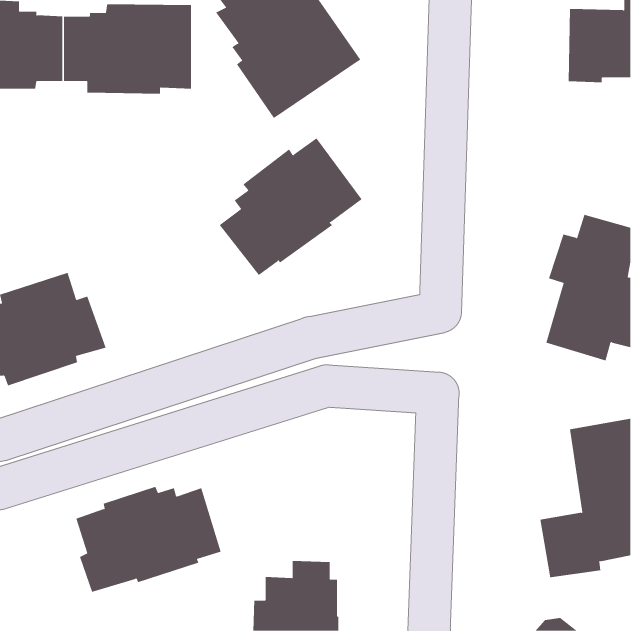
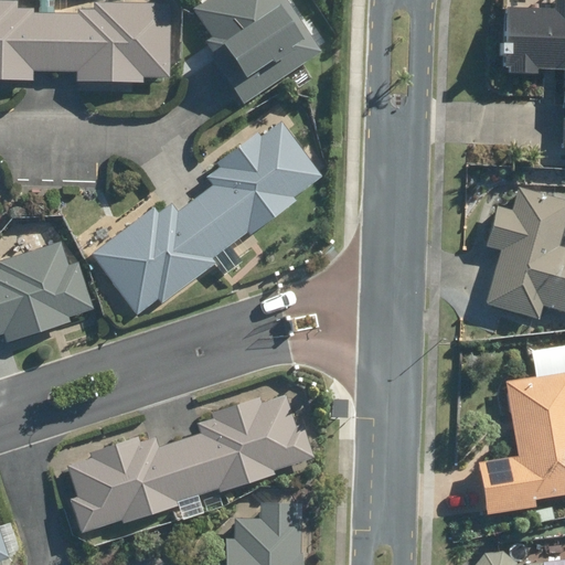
building: none -> [90,201,231,316]
building: none -> [180,392,313,492]

